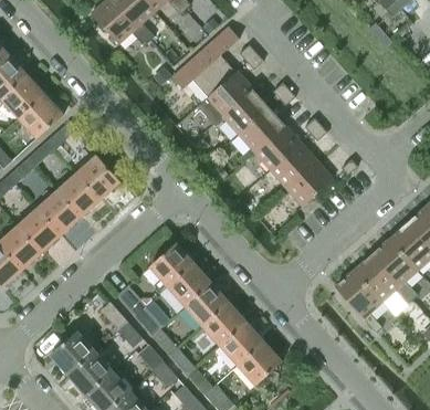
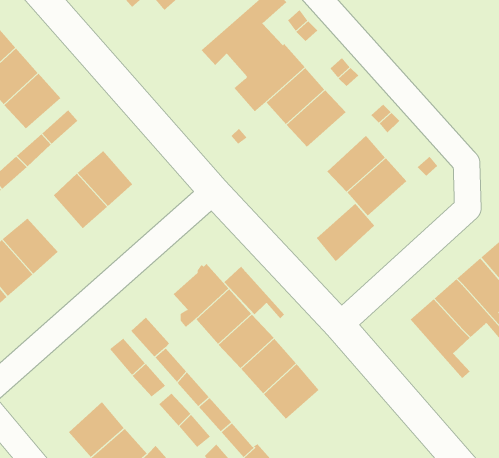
building: [254,125,301,171] -> [316,203,375,262]
building: [35,190,78,234] -> none
building: none -> [223,266,285,319]
building: [50,333,94,376] -> none
building: [238,343,282,386] -> none

